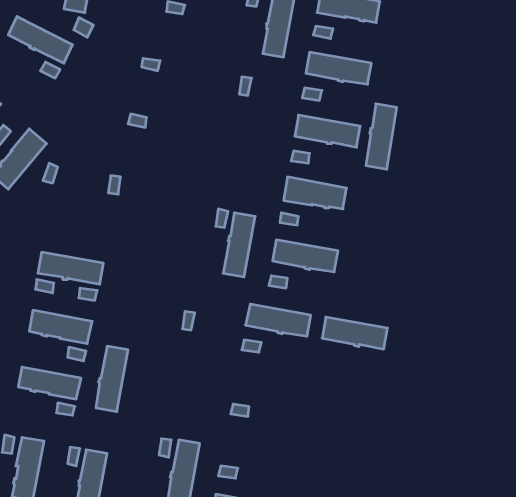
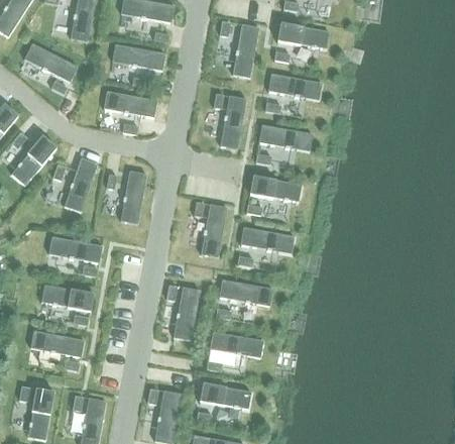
building: none -> [112,44,164,71]
building: none -> [103,91,156,117]
building: [366,104,397,169] -> [220,95,245,148]
building: none -> [64,157,97,211]
building: none -> [120,171,146,223]
building: [322,317,388,349] -> [209,331,262,357]
building: [96,346,128,412] -> [174,287,200,340]
building: none -> [199,382,250,408]

